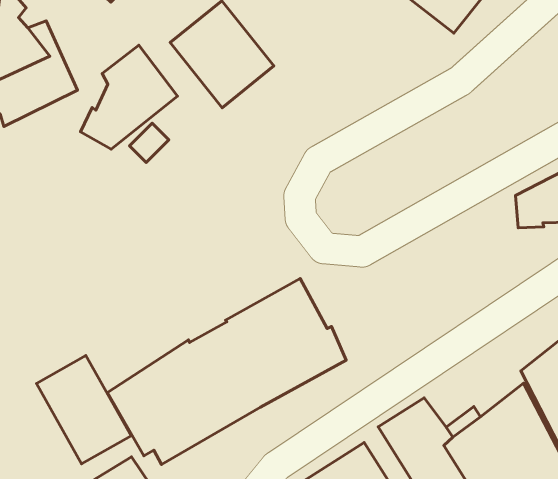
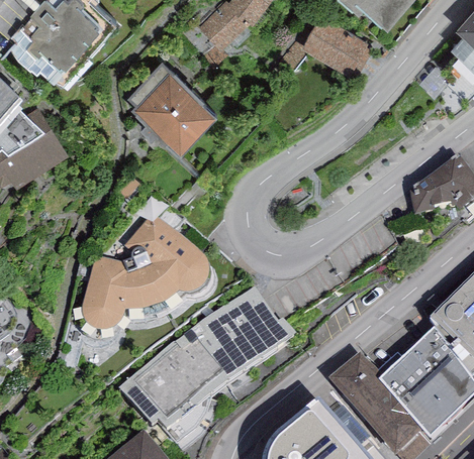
building: [81,45,177,149] -> none
building: none -> [81,216,209,337]
building: [36,356,131,464] -> none

